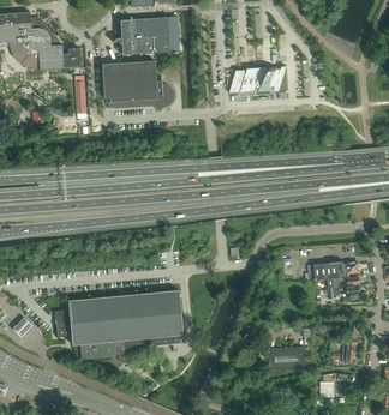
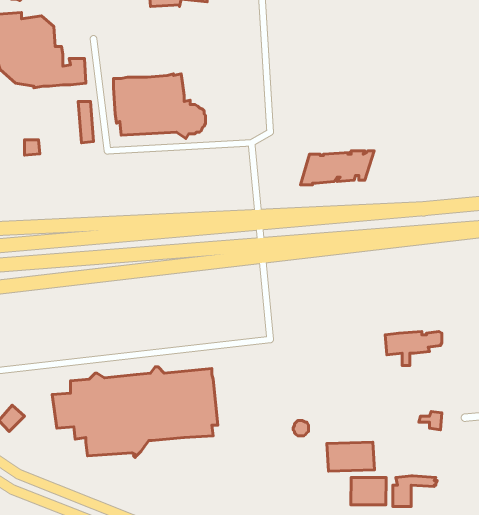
building: [113,17,172,55] -> none
building: [229,67,287,94] -> [300,151,374,185]
building: none -> [351,477,386,505]

